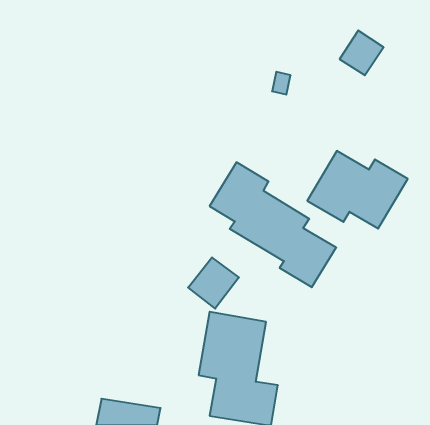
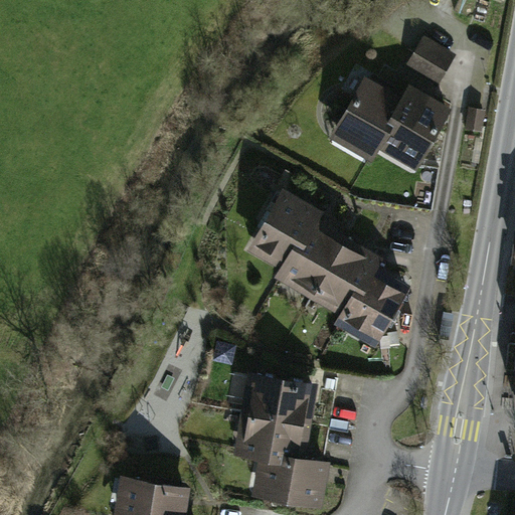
building: [307,151,408,229] -> [329,79,449,172]
building: [188,257,239,309] -> none

